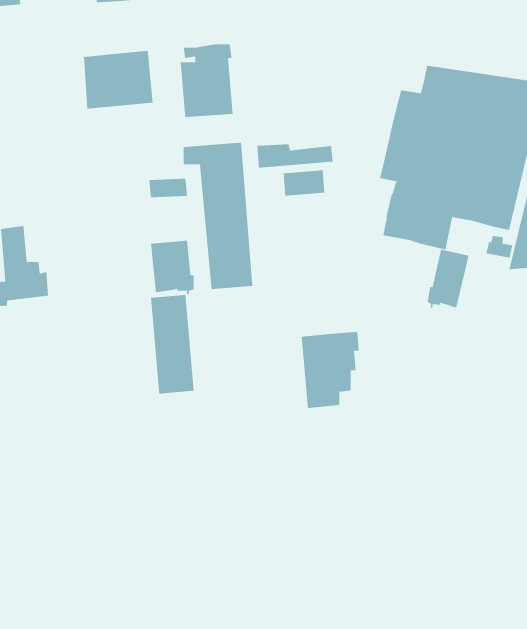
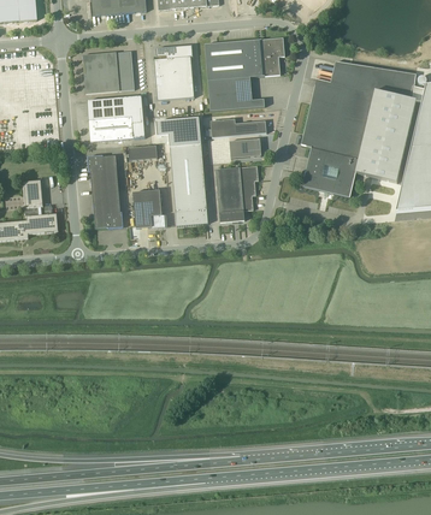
building: none -> [205,37,284,111]
building: none -> [87,95,146,142]
building: [427,249,469,309] -> none
building: [150,294,194,394] -> [89,155,122,229]
building: [301,332,360,409] -> [216,166,259,223]

